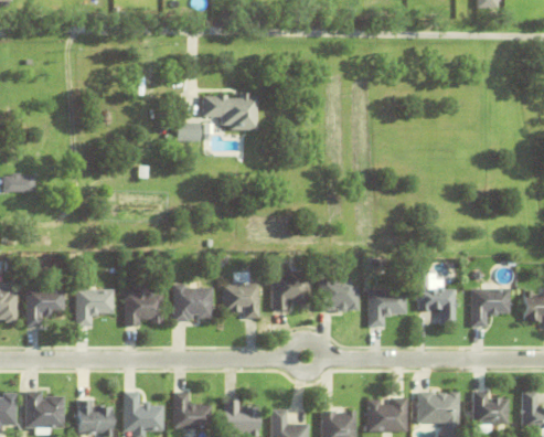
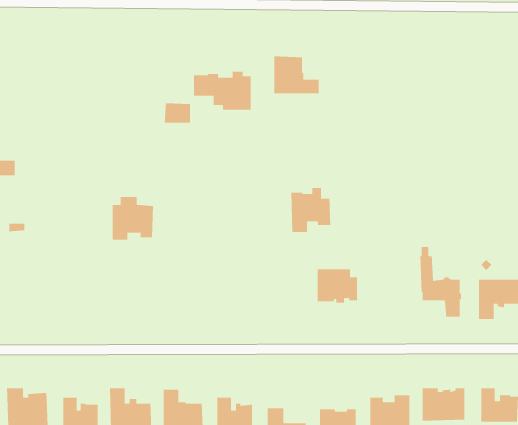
building: none -> [273,56,320,94]
building: [269,267,308,310] -> [290,187,331,233]
building: [122,285,162,327] -> [112,196,154,241]
building: [171,285,211,322] -> none
building: [221,285,258,319] -> none
building: [25,290,64,328] -> none
building: [74,290,113,327] -> none
building: [367,290,405,328] -> none

